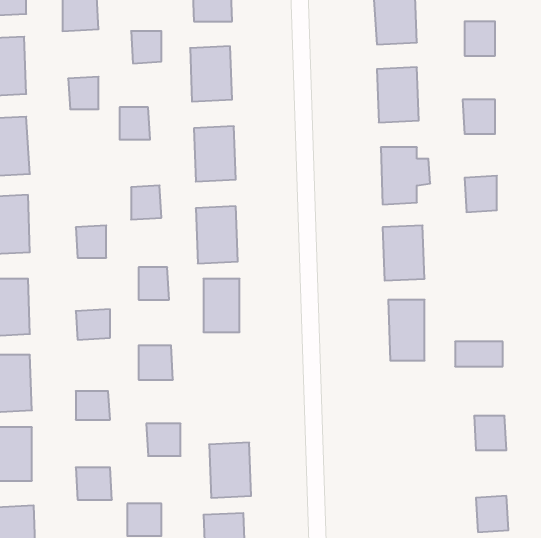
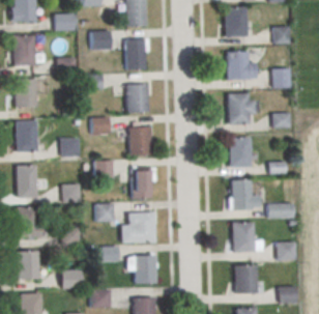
building: none -> [121,212,155,244]
building: none -> [232,220,253,253]
building: none -> [234,265,258,295]

